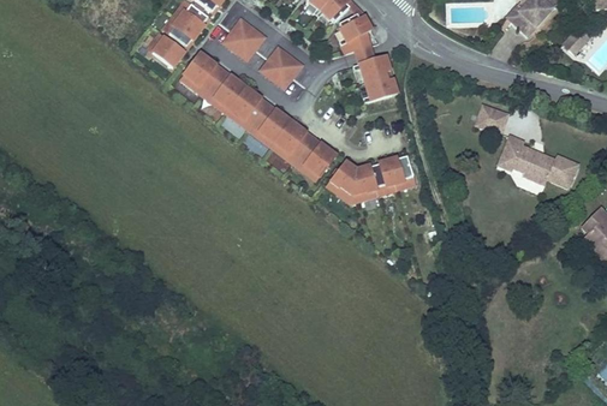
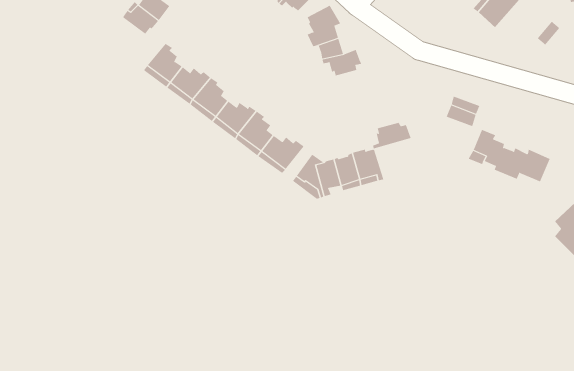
building: [222,16,267,61] -> none
building: [148,29,180,64] -> none
building: [258,43,305,89] -> none
building: [363,77,401,103] -> [372,122,411,149]

